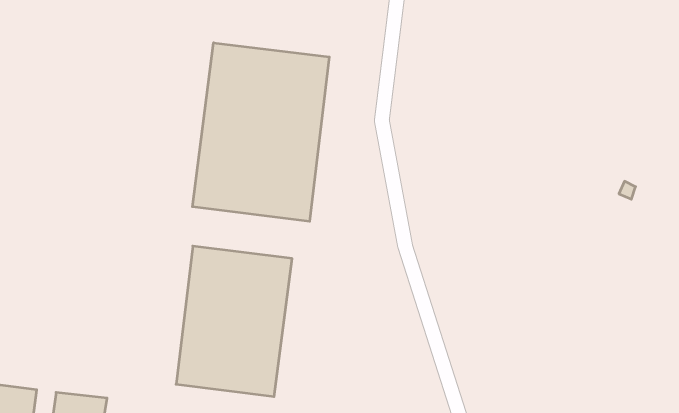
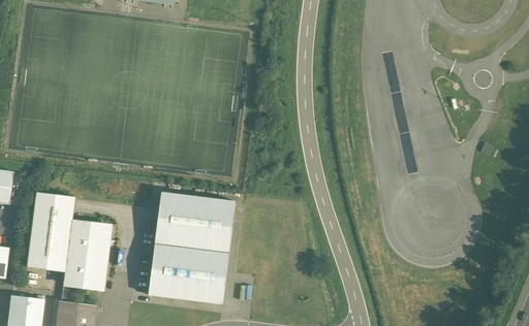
building: [192,43,329,221] -> none
building: none -> [27,192,111,288]

